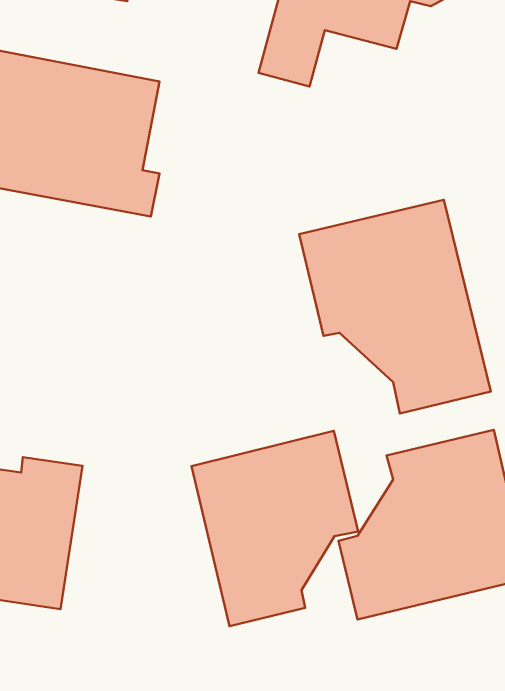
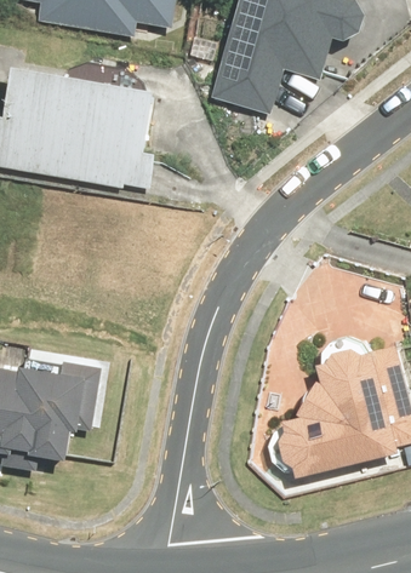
building: [299,200,491,414] -> none
building: [191,431,358,626] -> none

